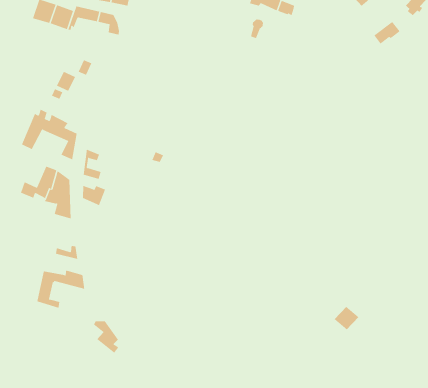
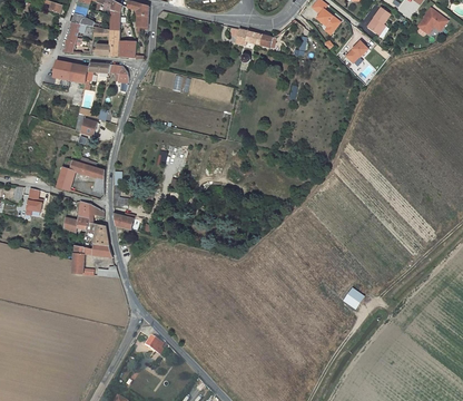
building: [36,270,85,308] -> [71,242,111,275]

